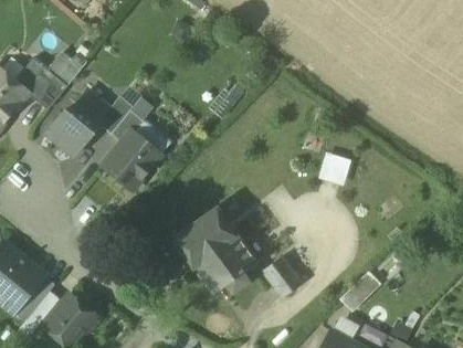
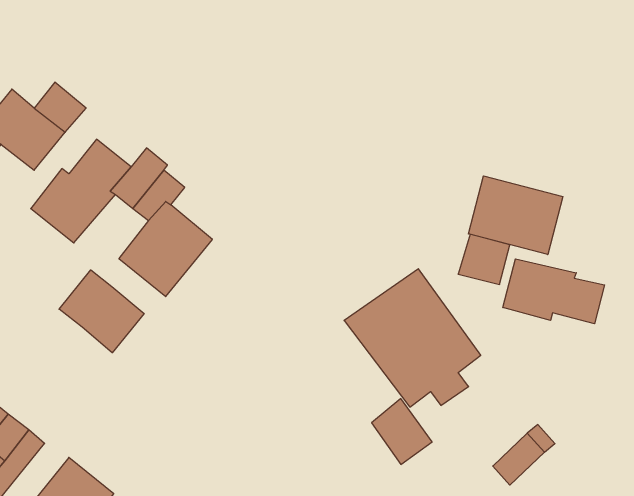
building: none -> [468,176,563,255]
building: none -> [503,259,605,324]
building: none -> [59,270,144,353]
building: [170,207,257,295] -> [344,269,481,407]

